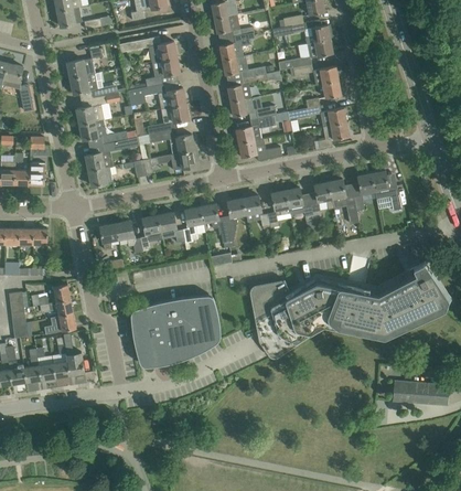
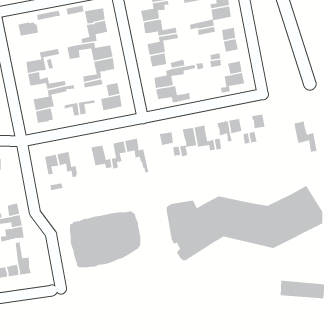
building: [69,74,117,97] -> none
building: [371,171,400,211] -> [293,121,317,153]
building: [223,199,245,247] -> none
building: [139,215,162,249] -> none

